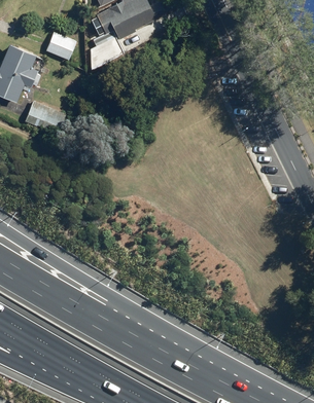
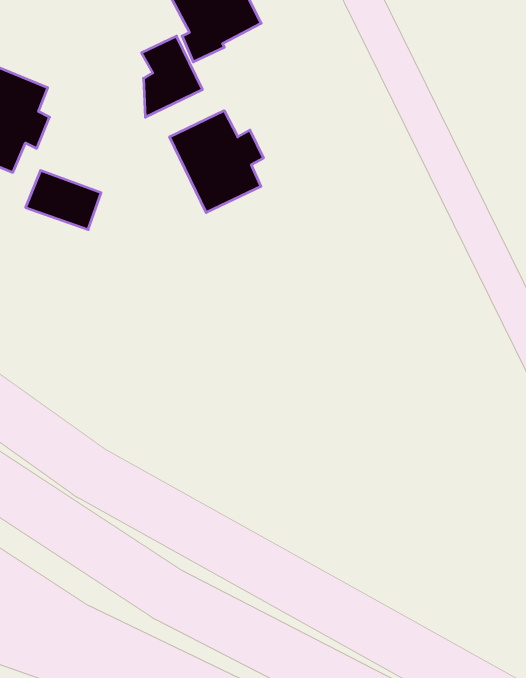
building: [45,31,75,59] -> none
building: none -> [170,111,263,213]

